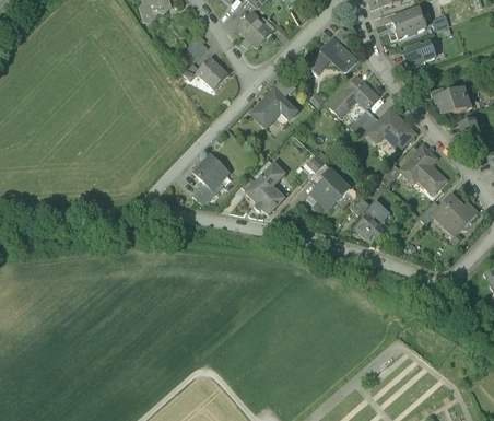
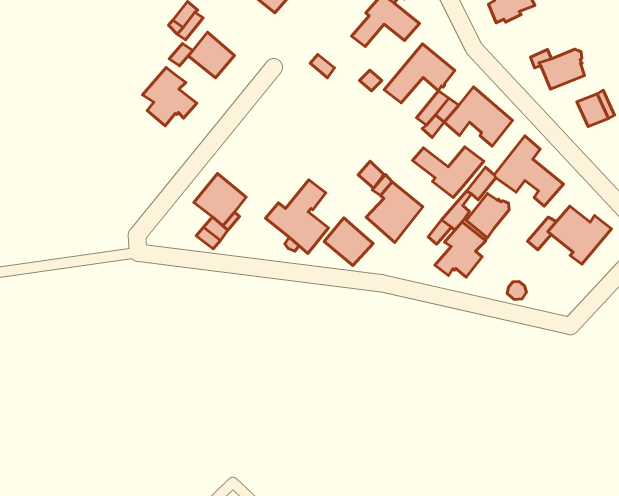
building: none -> [143,67,197,126]
building: [250,89,296,127] -> none
building: none -> [412,147,484,198]
building: none -> [466,193,509,238]
building: none -> [324,218,373,265]

